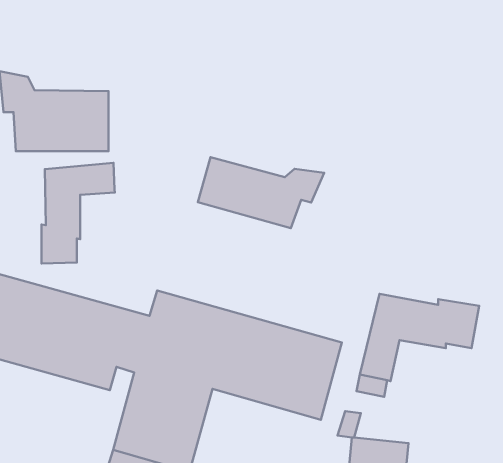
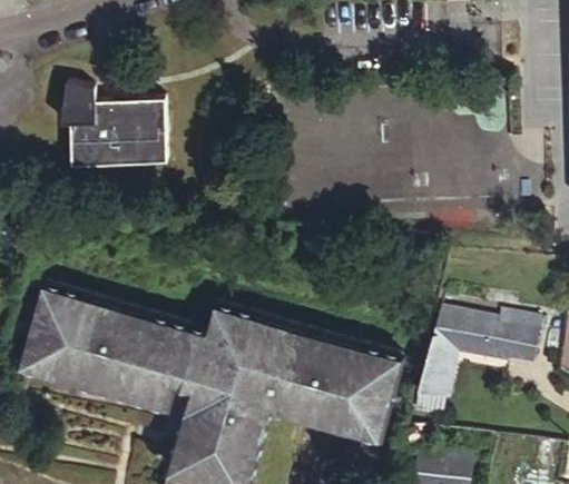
building: [198,157,324,228] -> none
building: [41,163,115,264] -> none

